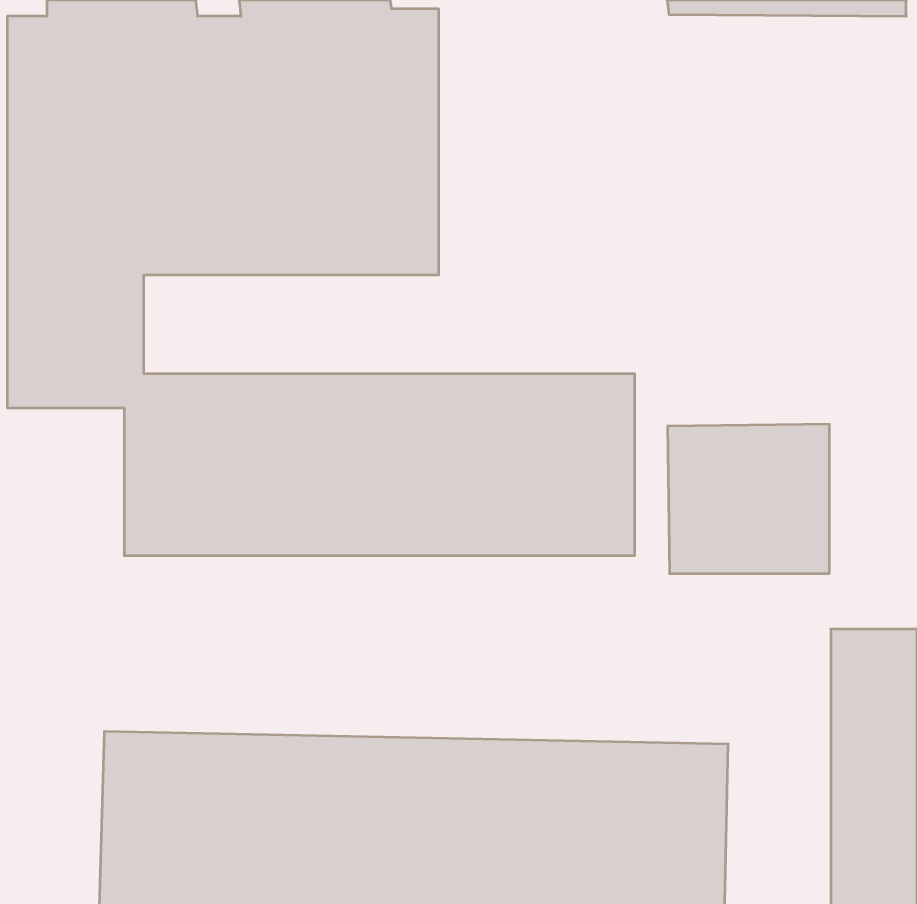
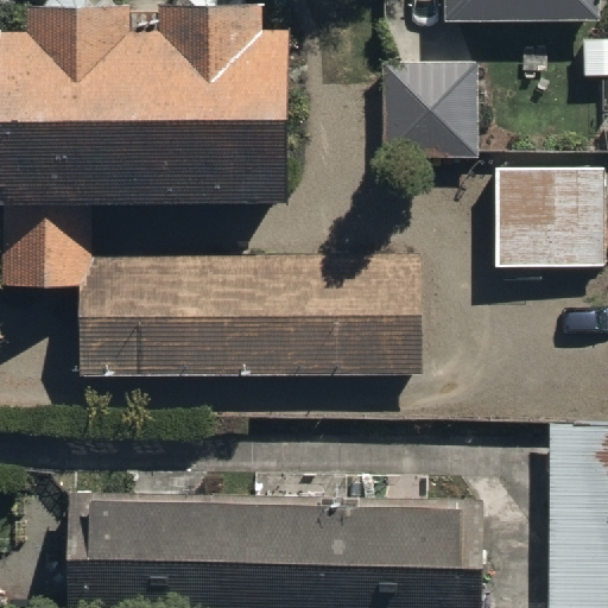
building: none -> [381,65,477,162]
building: [668,424,829,573] -> [494,167,601,266]

